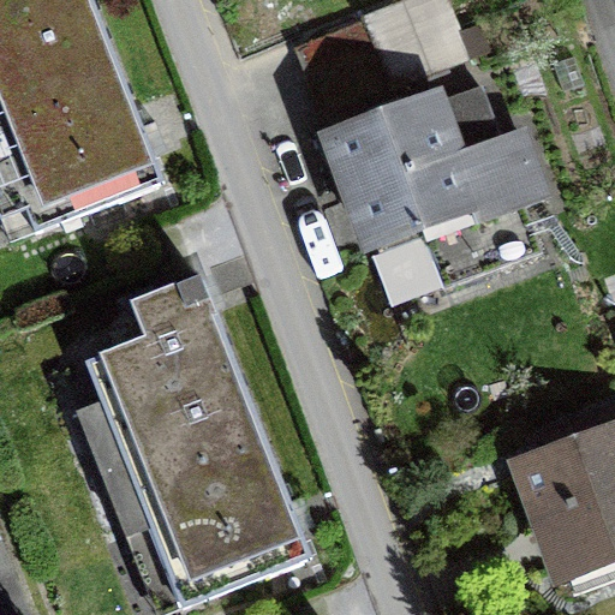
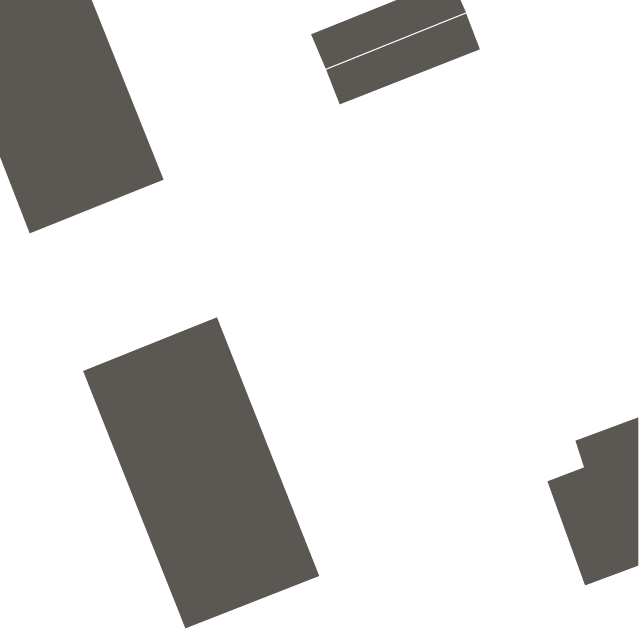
building: [326,76,536,276] -> none

